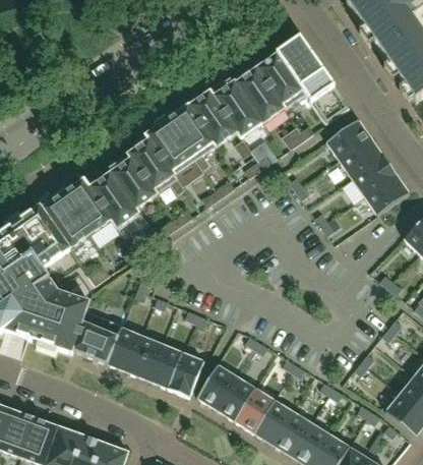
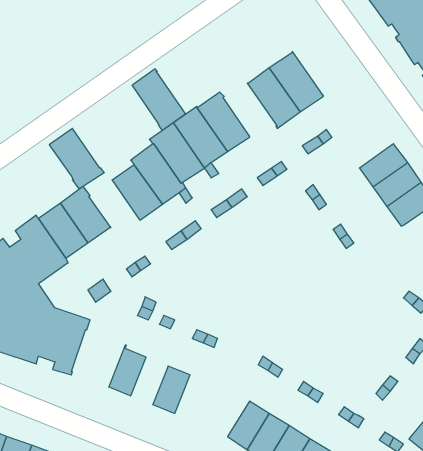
building: [277,37,350,123] -> none
building: [214,80,263,137] -> [132,69,186,131]
building: [326,119,371,161] -> none
building: [89,172,140,228] -> [49,128,104,189]
building: [73,310,123,363] -> none
building: [128,336,163,380] -> none
building: [168,352,204,397] -> none
building: [197,364,238,409] -> none

